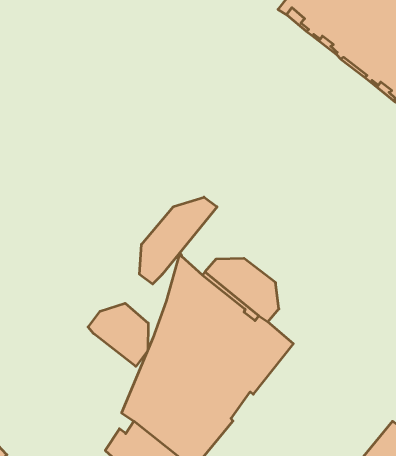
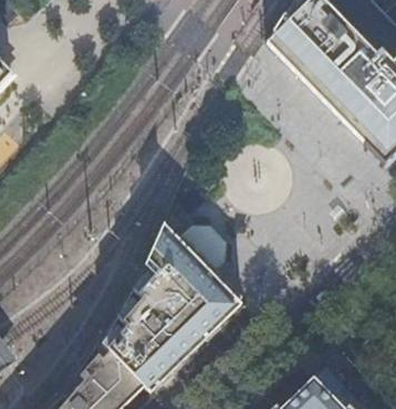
building: [140,197,217,284] -> none
building: [88,303,148,366] -> none

